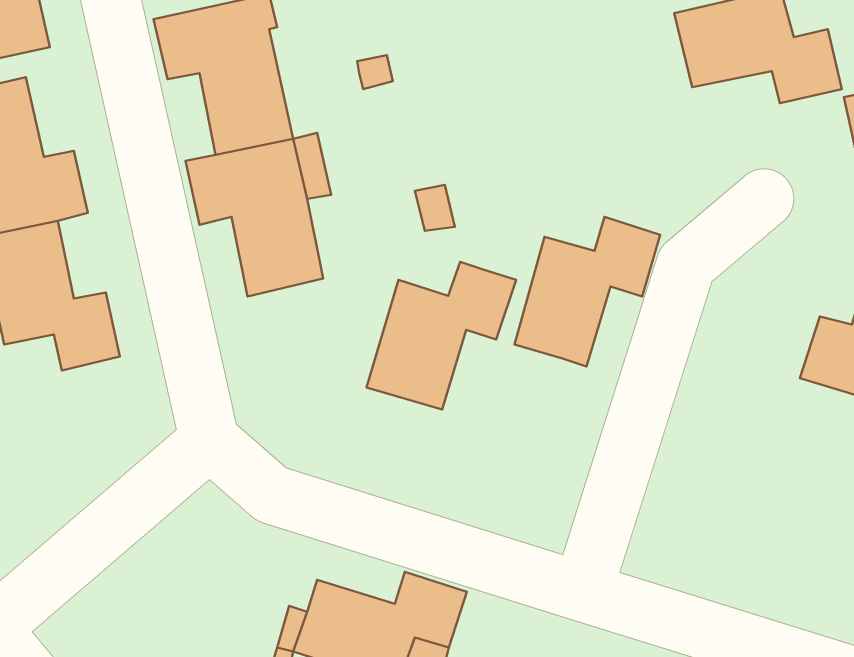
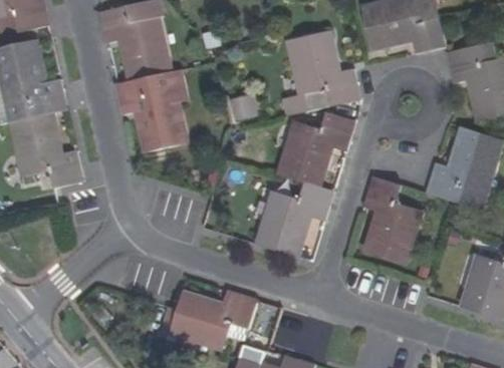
building: none -> [289,30,360,112]
building: [367,262,516,409] -> [258,182,333,257]
building: none -> [362,176,421,264]

